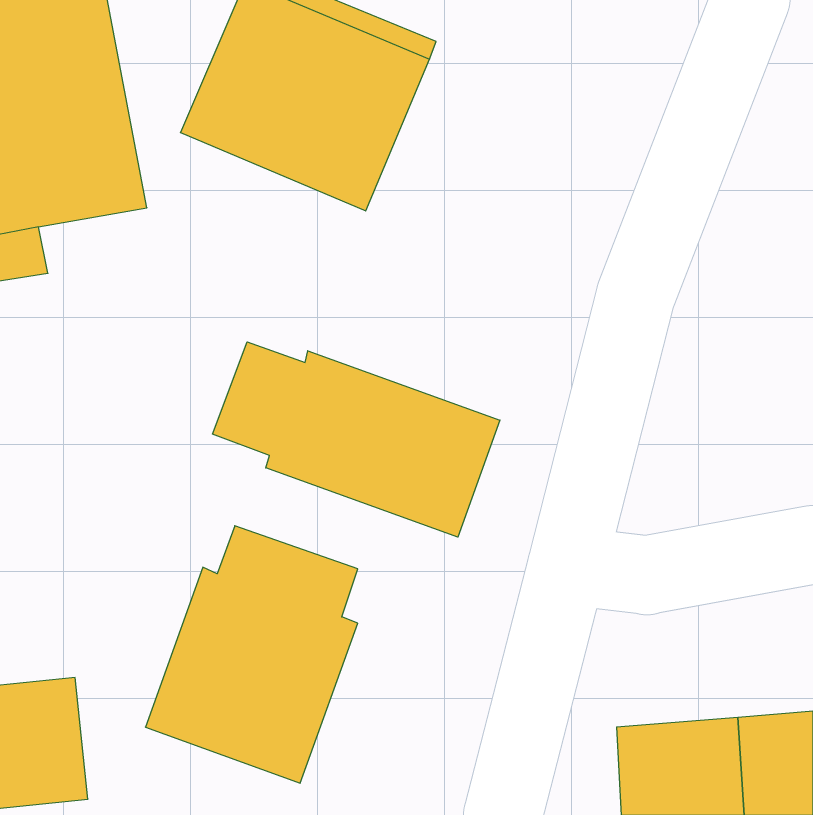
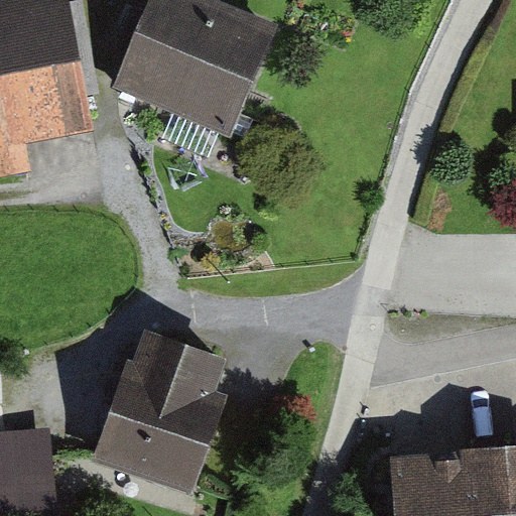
building: [213,342,500,537] -> none

